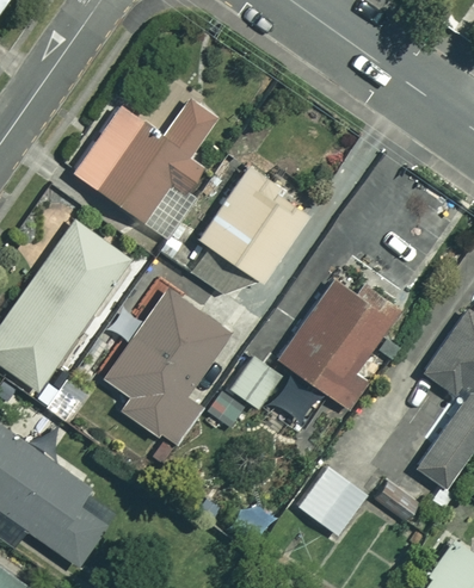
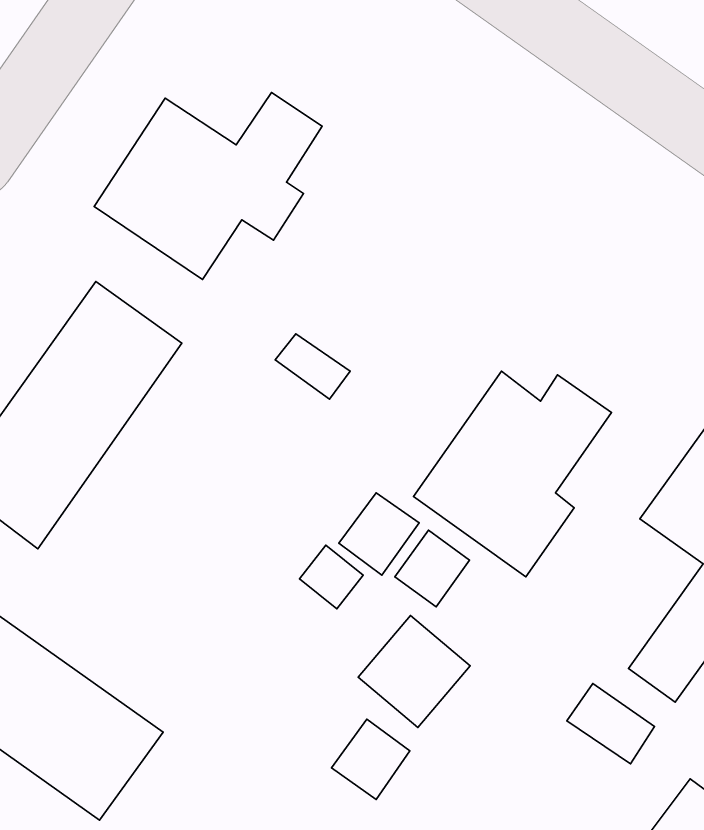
building: [199,171,309,283] -> none
building: [104,289,257,446] -> none
building: [295,466,367,538] -> [358,615,470,728]

